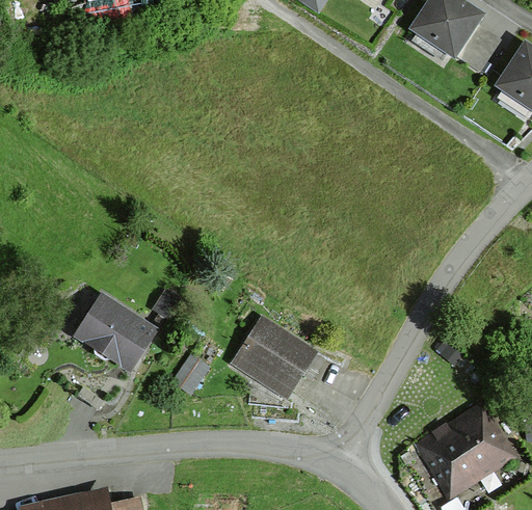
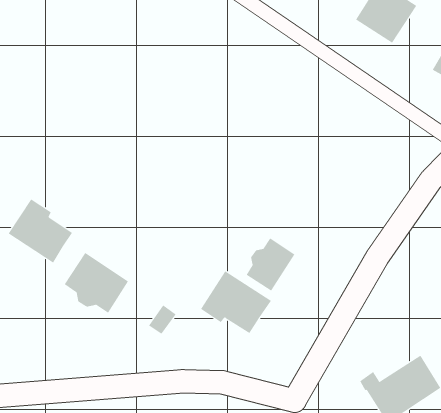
building: none -> [8,199,73,263]
building: none -> [246,237,295,292]

